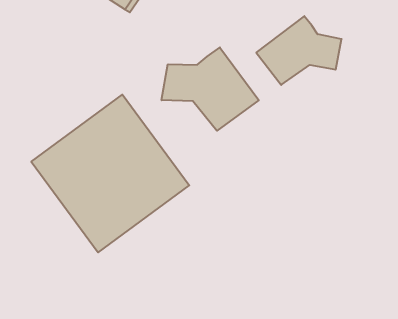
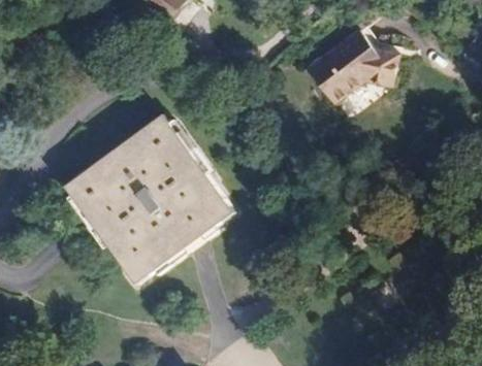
building: [162,47,259,131] -> none

